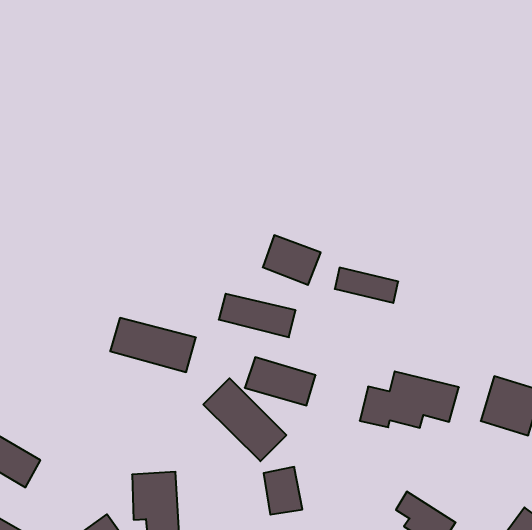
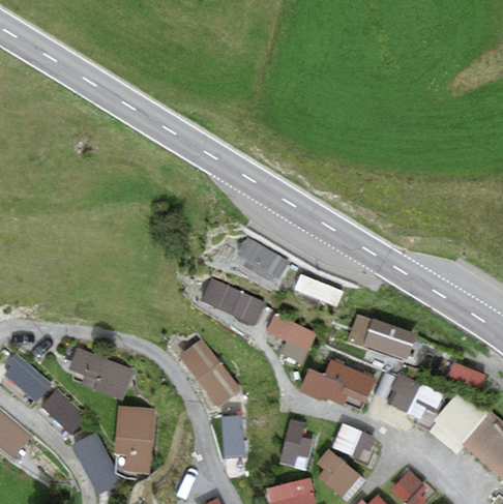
building: none -> [347,312,418,360]
building: [110,318,196,372] -> [65,352,131,401]
building: [245,357,316,405] -> [263,314,318,356]
building: none -> [333,426,379,461]
building: none -> [42,389,86,431]
building: none -> [282,428,310,471]

